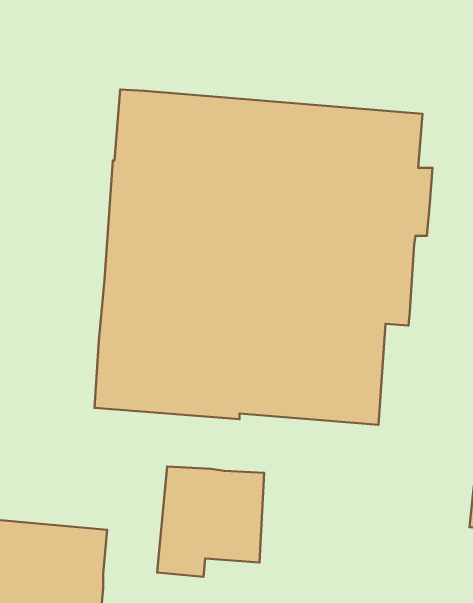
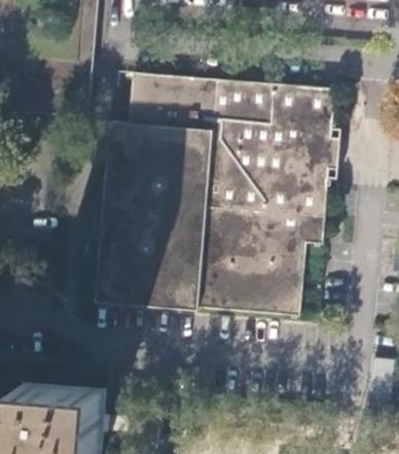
building: [157,466,264,577] -> none

